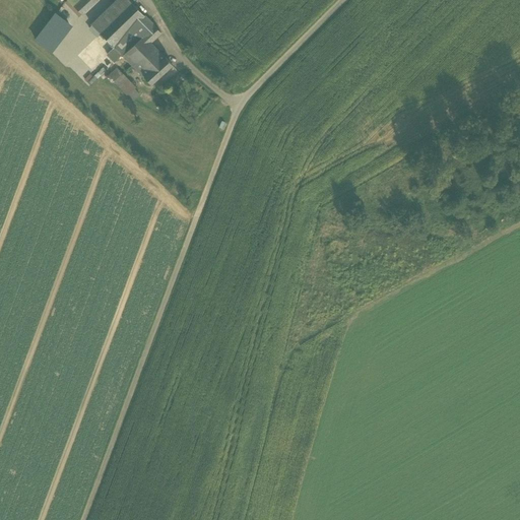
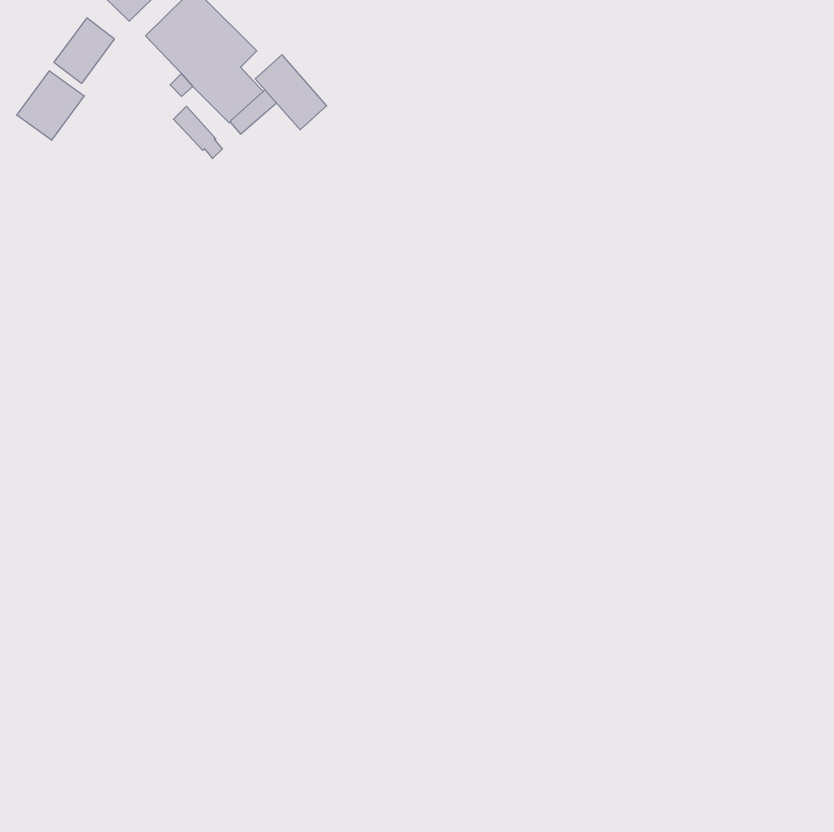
building: none -> [255,55,327,130]
building: none -> [17,71,84,140]

